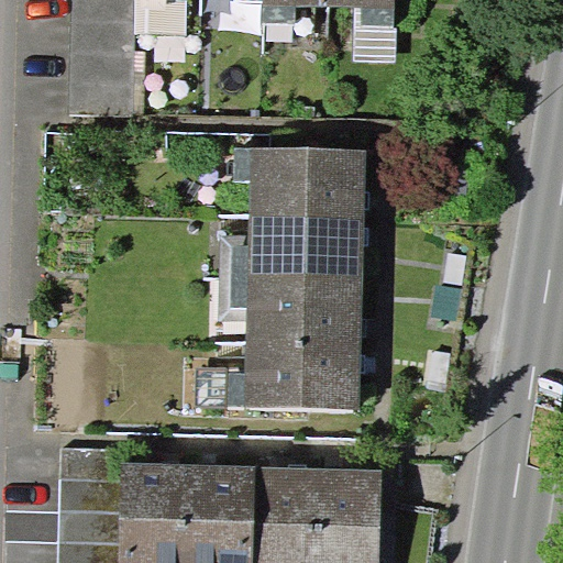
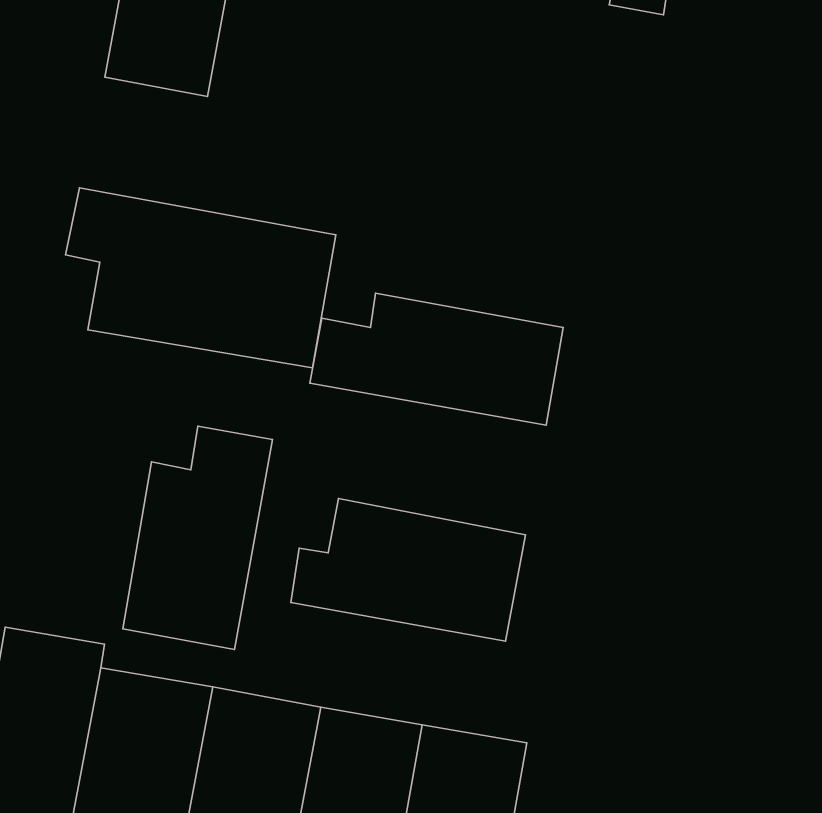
building: [233,145,366,219] -> none
building: none -> [66,188,336,368]
building: [218,275,363,345] -> none
building: none -> [123,426,272,649]

